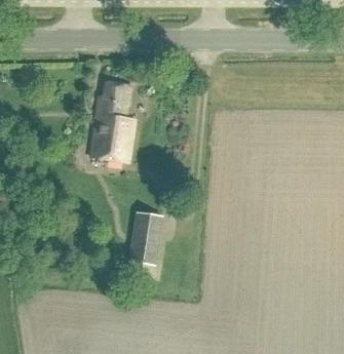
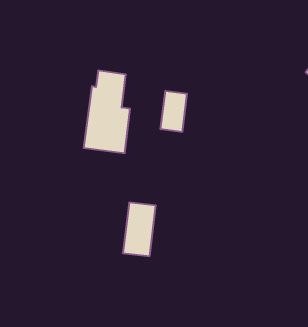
building: none -> [161,91,187,132]

